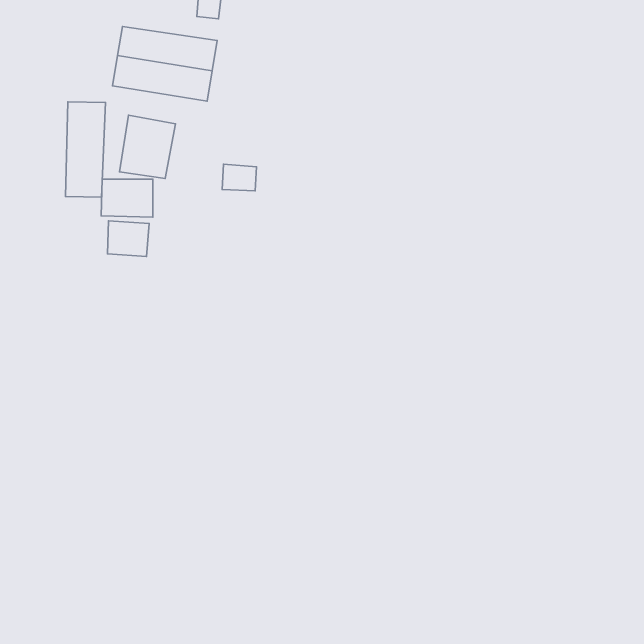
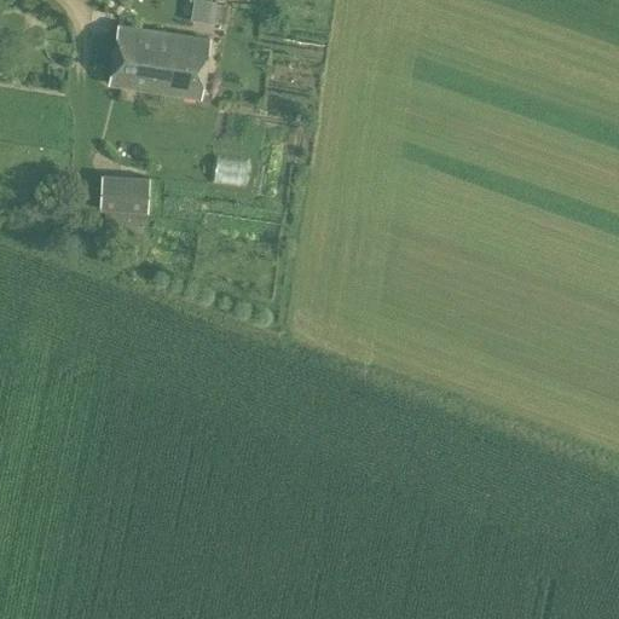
building: [65,102,105,197] -> none
building: [120,115,175,179] -> none

